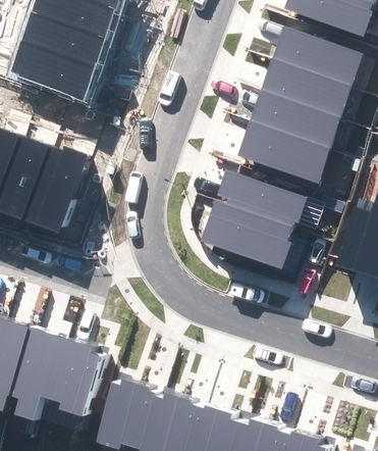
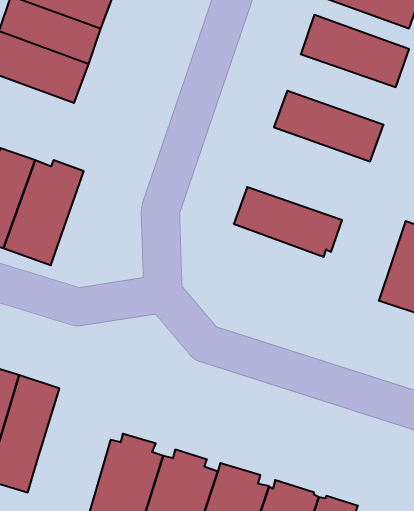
building: [261,59,352,118] -> none
building: [237,120,330,185] -> none
building: [202,201,292,270] -> none
building: [51,339,110,421] -> none

